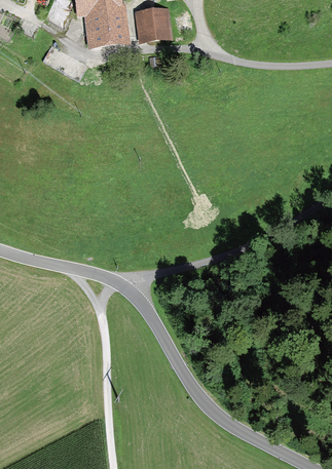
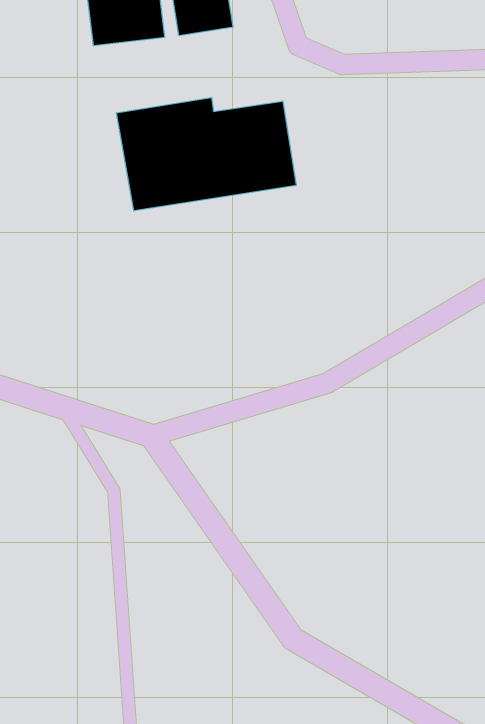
building: none -> [117,97,296,211]

